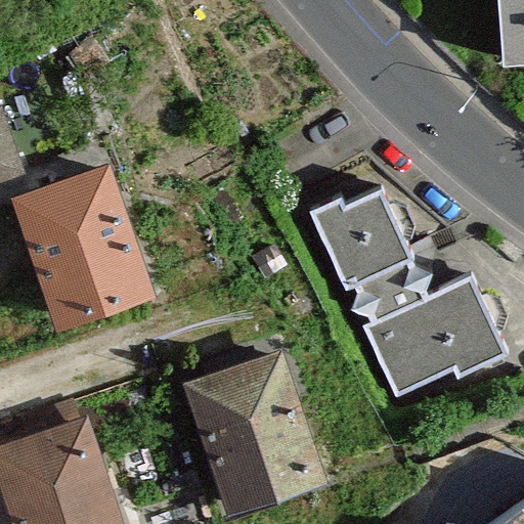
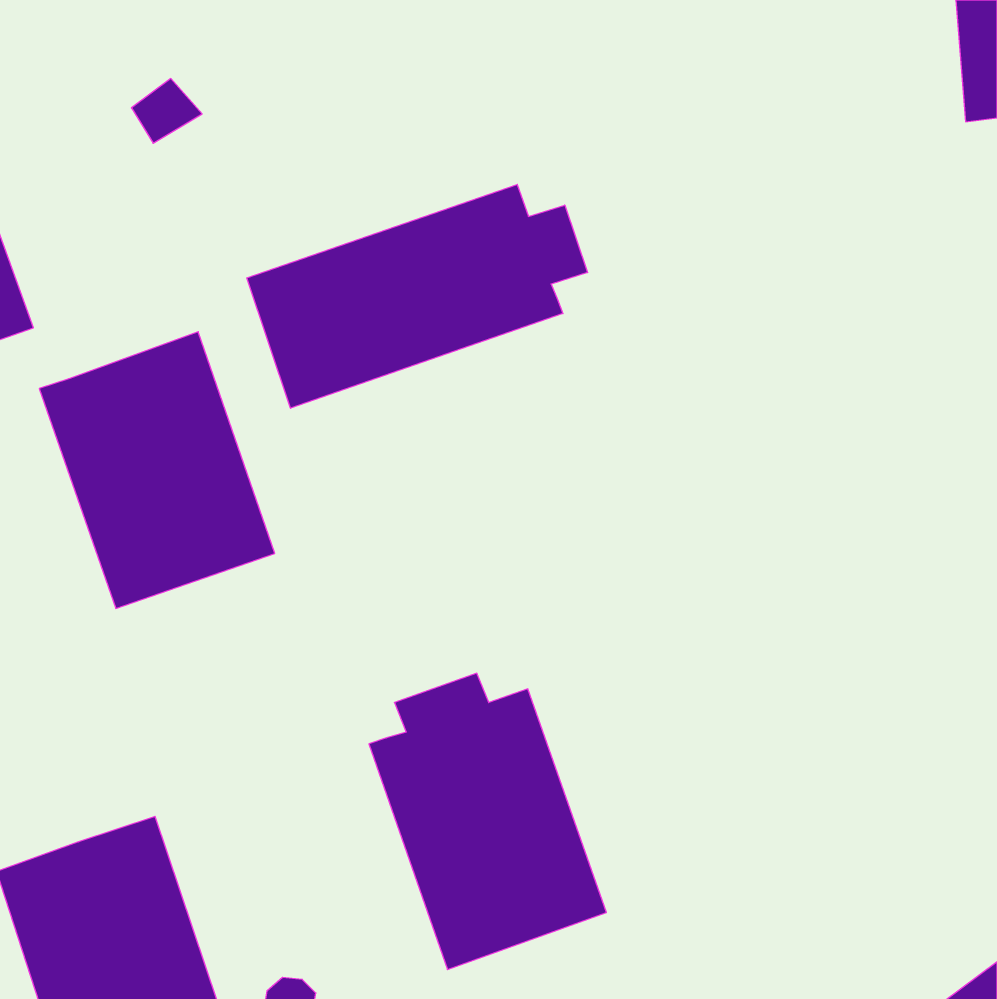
building: none -> [247,184,588,408]
building: [309,188,507,396] -> none

